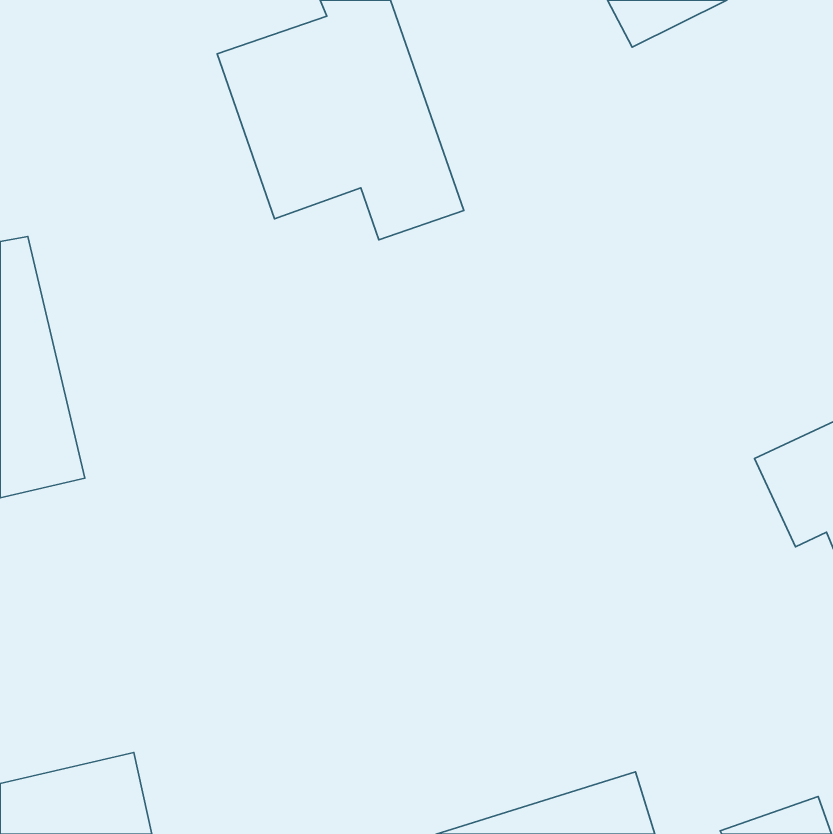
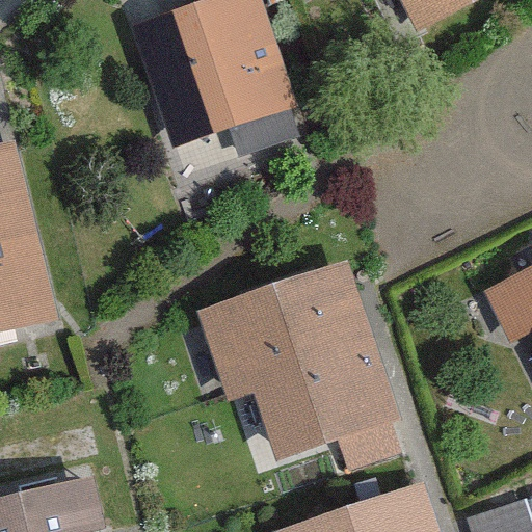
building: none -> [220,280,389,446]

